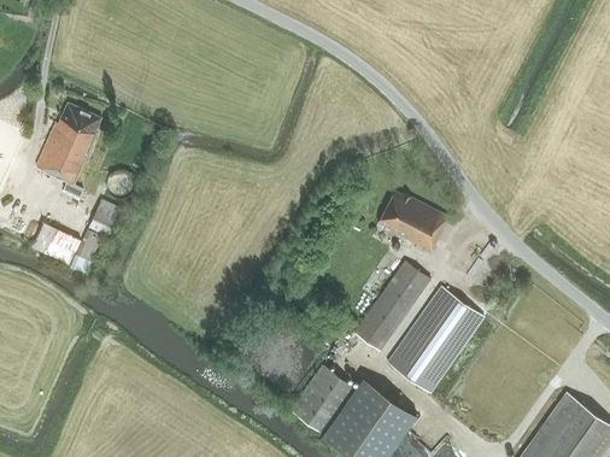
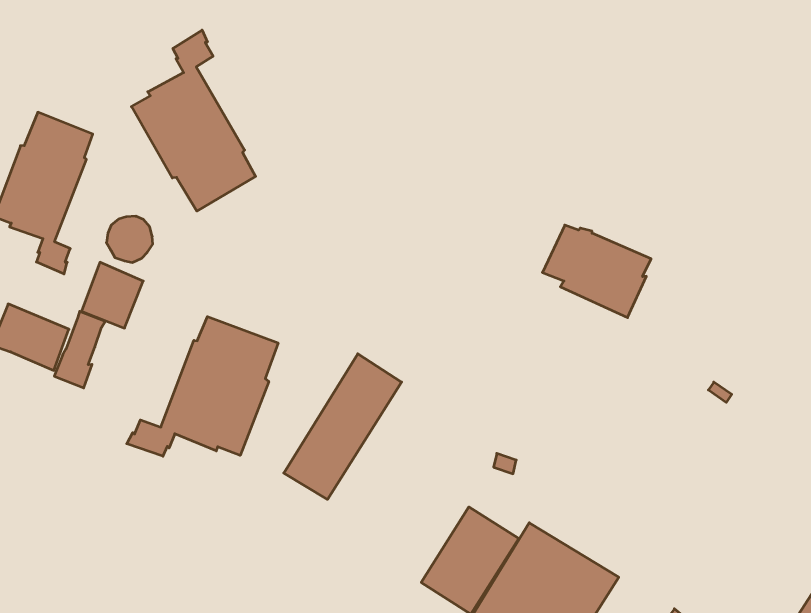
building: none -> [131,30,256,211]
building: none -> [127,317,278,456]
building: [353,260,430,351] -> [284,354,402,499]
building: [387,287,483,393] -> none

